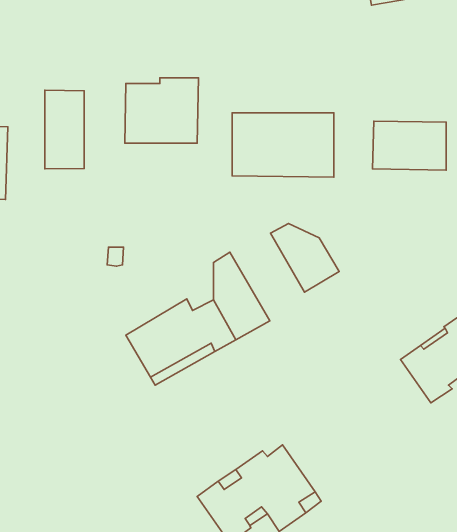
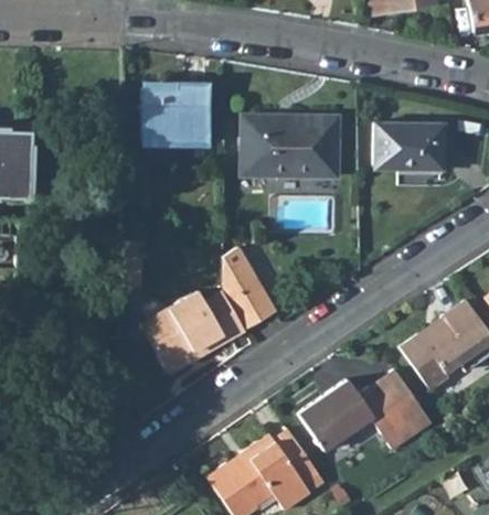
building: [45,90,84,169] -> none
building: [270,224,339,292] -> none
building: none -> [298,371,430,451]

